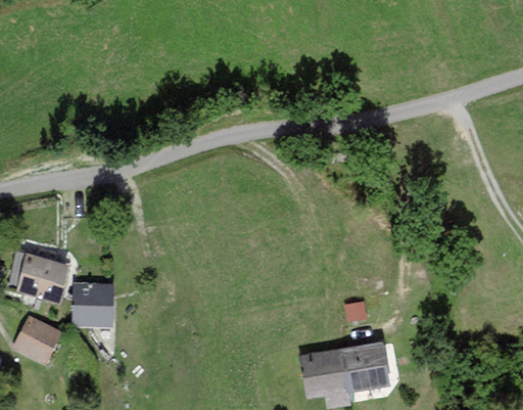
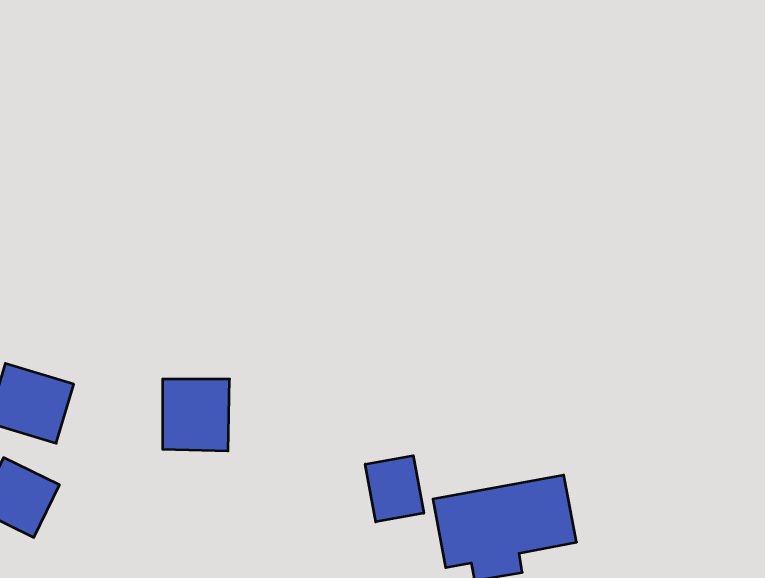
building: [72,282,114,328] -> [163,379,230,451]
building: none -> [365,456,424,522]

